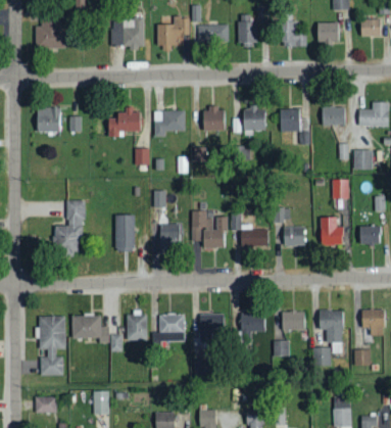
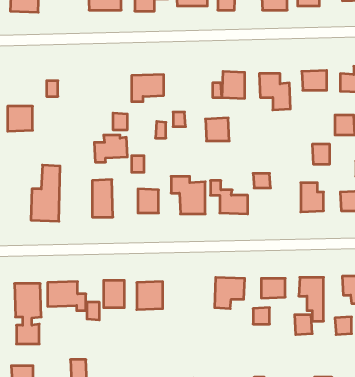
building: [37,108,61,133] -> [8,106,33,131]
building: [202,108,226,131] -> [205,118,229,141]
building: [108,110,141,137] -> [94,135,127,162]
building: [283,226,305,245] -> none
building: [200,313,225,340] -> none

